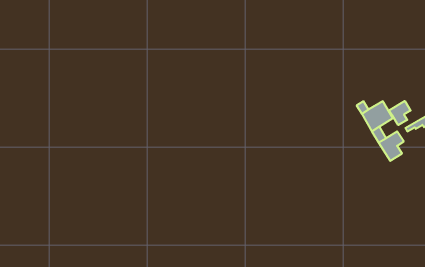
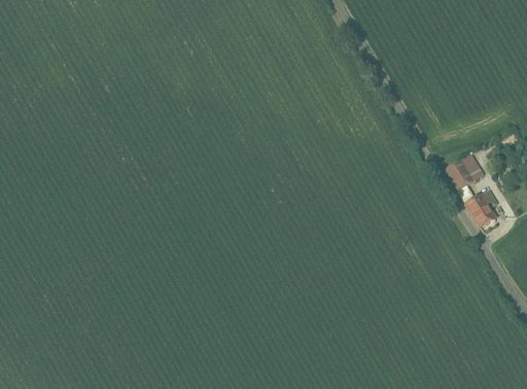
building: [389,101,411,125] -> none

